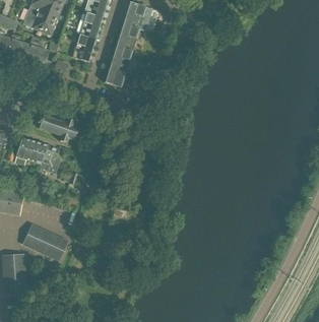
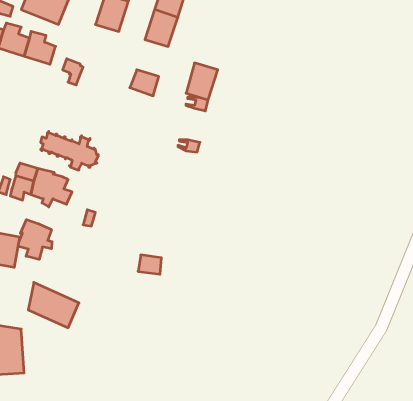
building: [72,35,95,62] -> none
building: [109,46,132,73] -> [186,63,218,100]
building: none -> [18,220,52,259]

